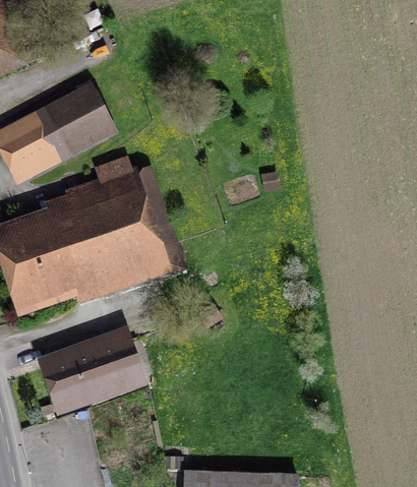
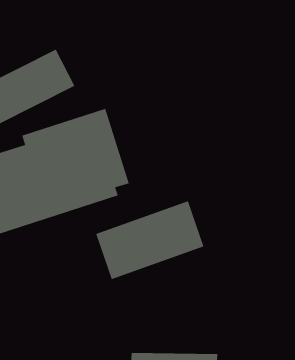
building: none -> [95,200,205,280]
building: [38,326,146,416] -> none

